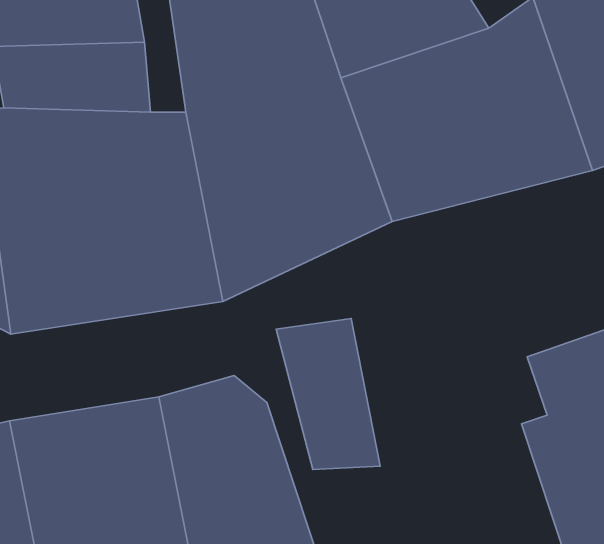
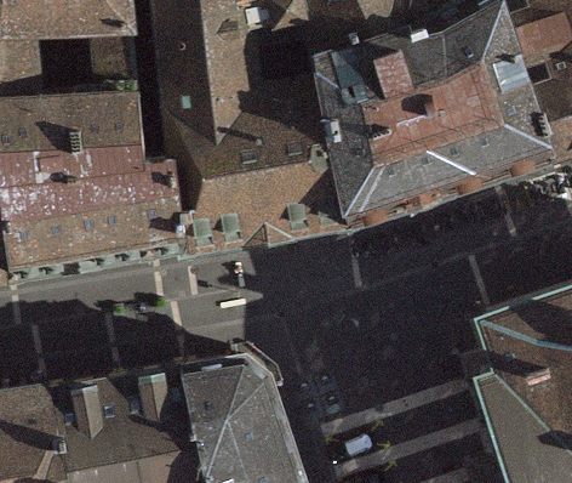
building: [276,318,380,470] -> none

